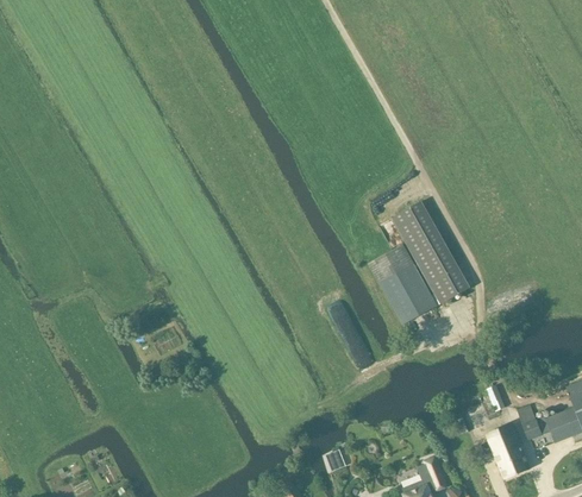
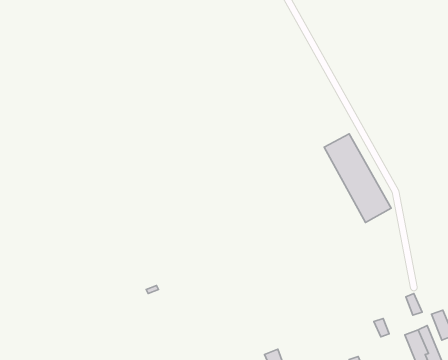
building: [368,244,437,325] -> none

